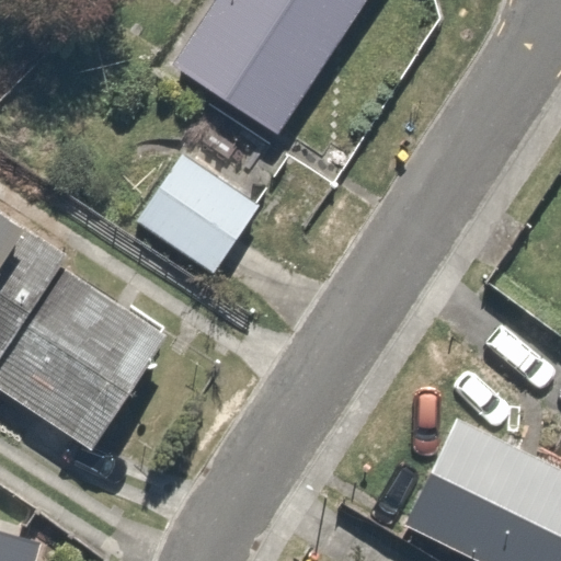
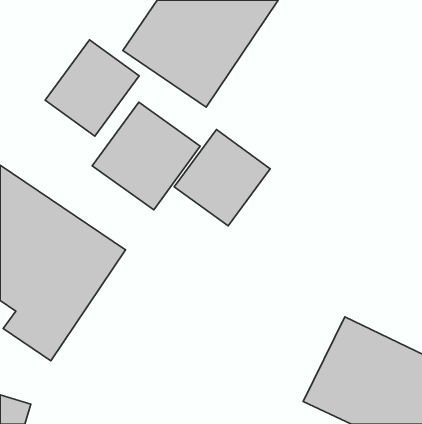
building: none -> [45,40,139,136]
building: none -> [174,130,270,226]

